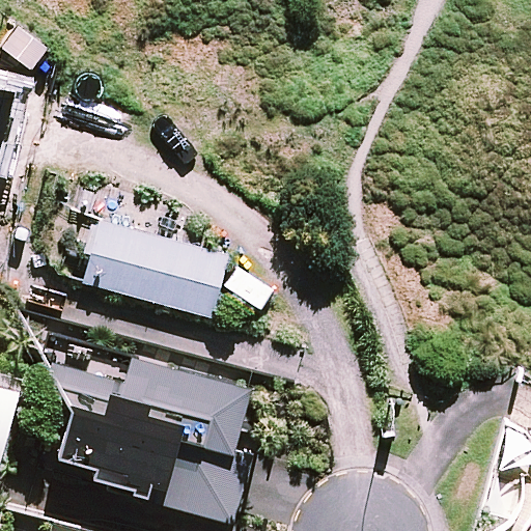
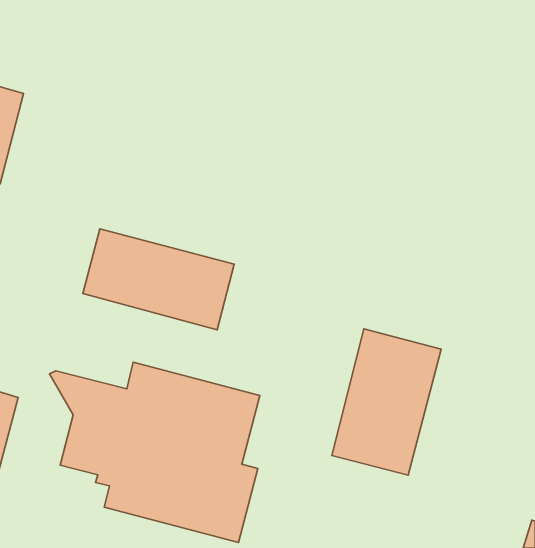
building: none -> [332,329,441,475]

